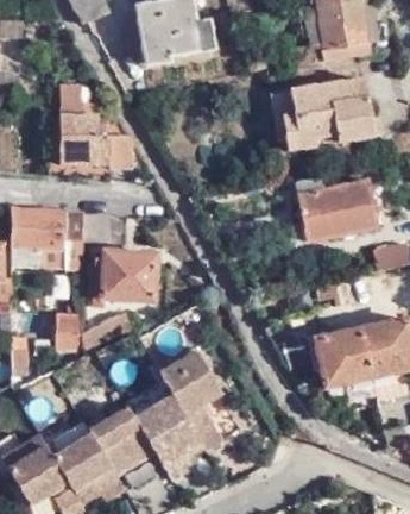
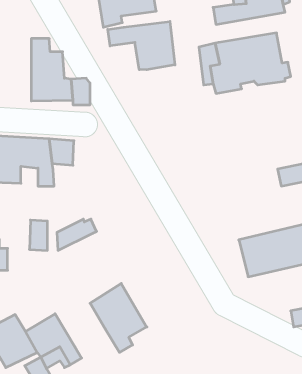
building: none -> [108,21,175,70]
building: [298,174,379,238] -> none
building: [97,251,162,307] -> none
building: [157,347,221,446] -> none
building: [87,406,151,472] -> none

